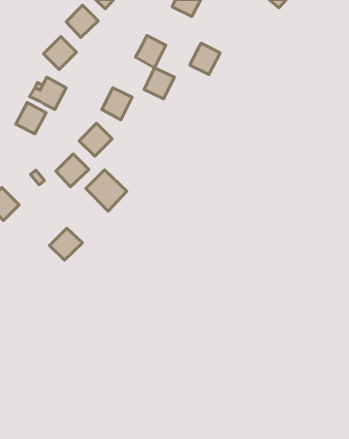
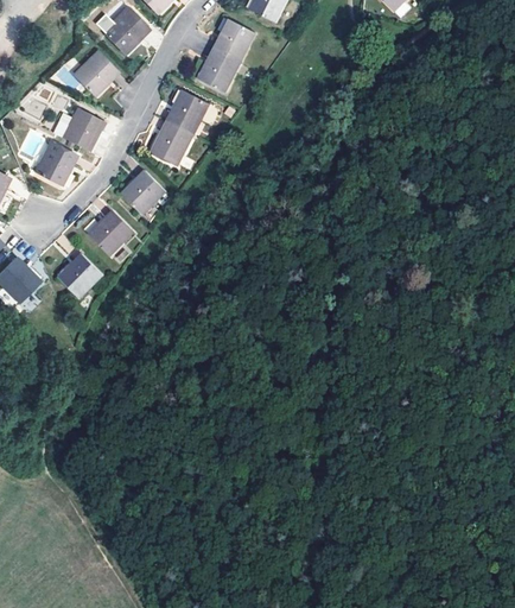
building: [190,43,220,75] -> [214,20,255,63]
building: [144,68,175,99] -> [167,91,209,134]
building: [86,170,127,211] -> none
building: [50,228,83,260] -> [58,254,103,298]

